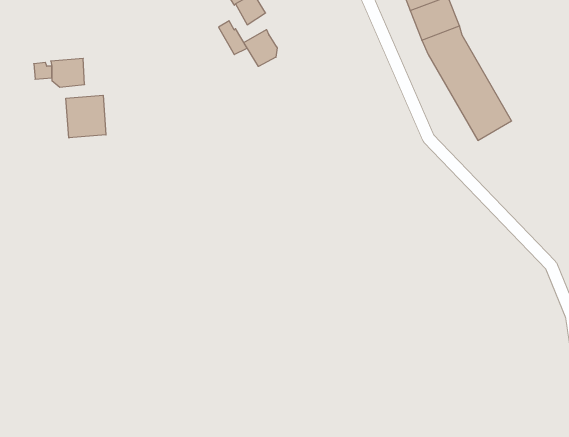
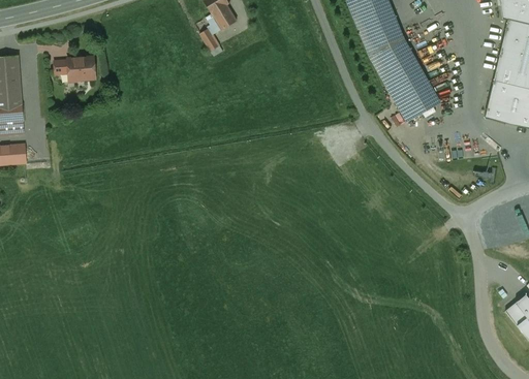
building: [244,30,277,66] -> none
building: [66,95,106,138] -> none

